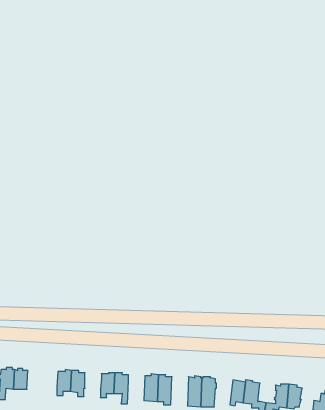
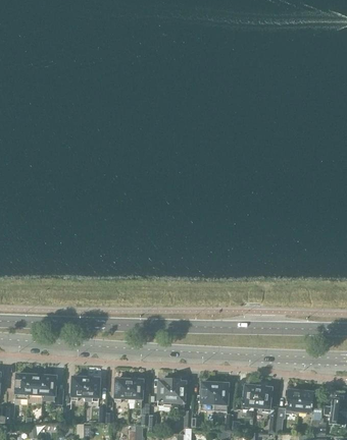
building: none -> [43,373,64,406]

